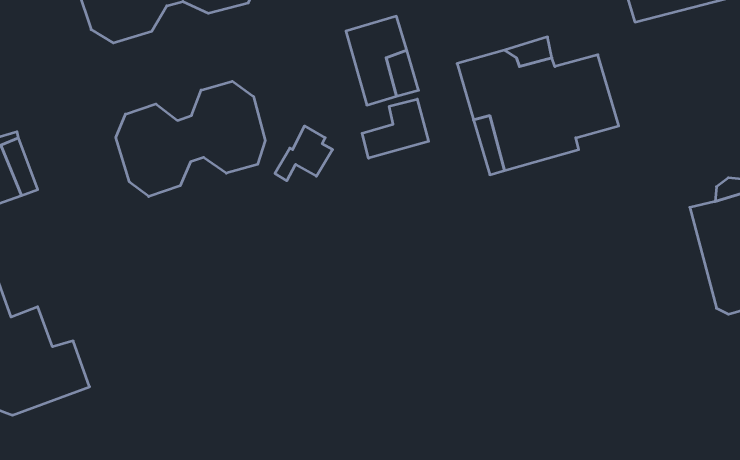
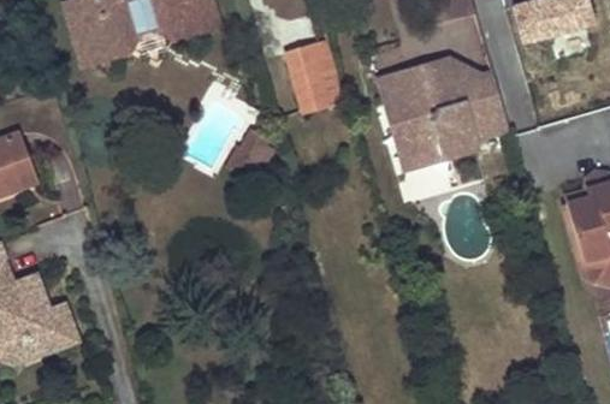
building: [116,81,265,197] -> none
building: [362,99,429,158] -> none

